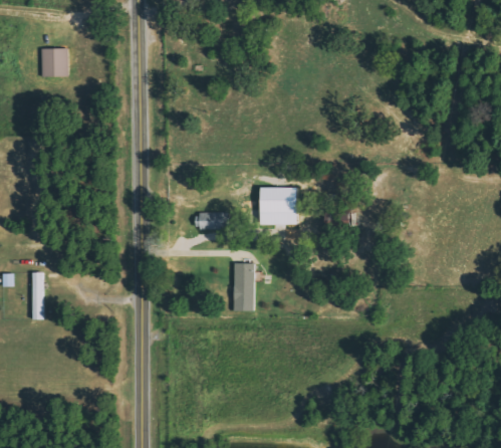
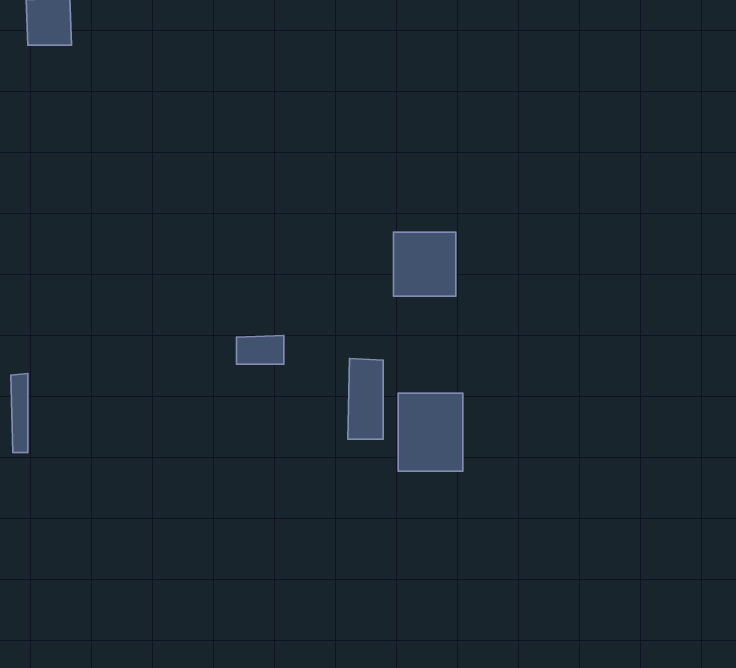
building: [195,212,223,229] -> [237,336,284,364]
building: none -> [398,393,463,471]

